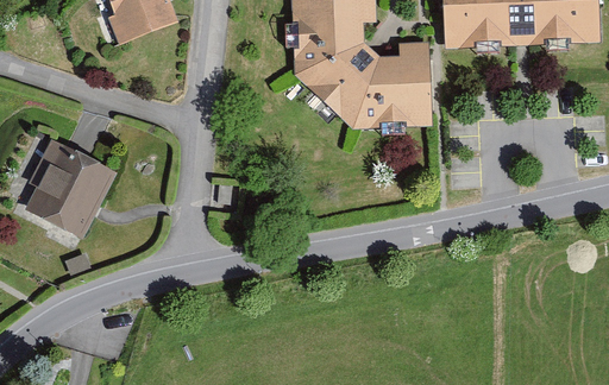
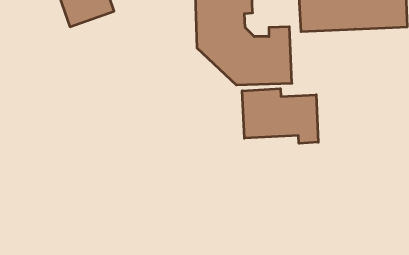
building: none -> [242,89,318,143]
building: [18,137,115,235] -> none

